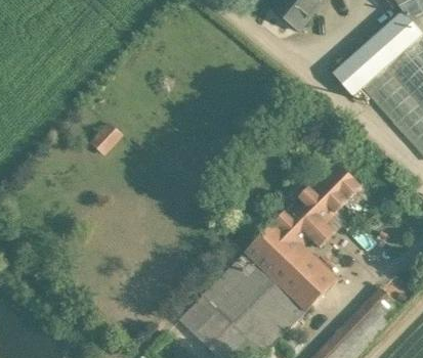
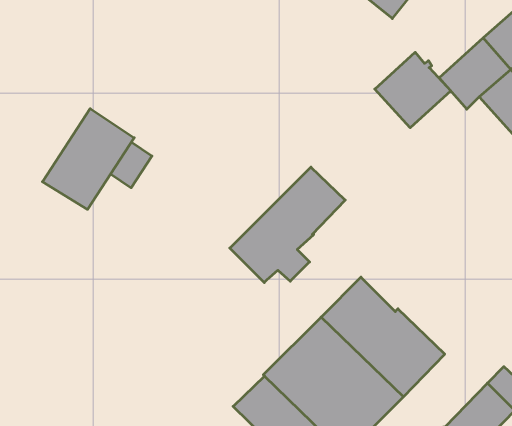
building: none -> [375,52,451,128]
building: none -> [42,109,134,209]
building: [276,160,362,245] -> [230,167,345,283]

